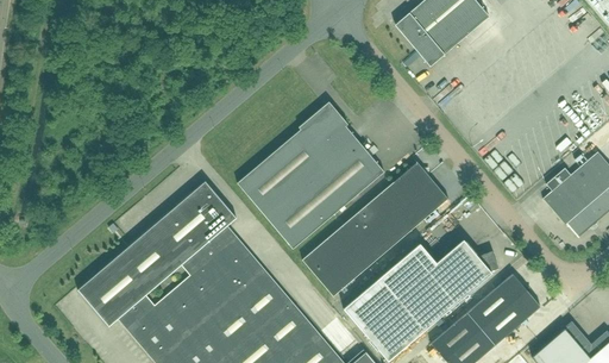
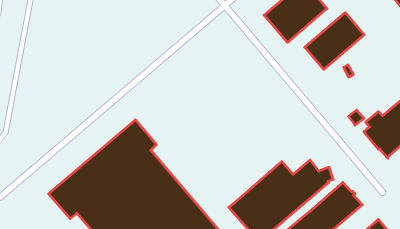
building: none -> [305,13,364,69]
building: [238,105,384,249] -> none
building: [301,161,448,295] -> none

